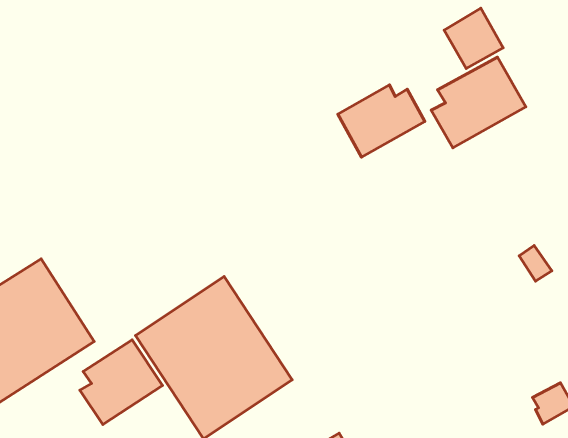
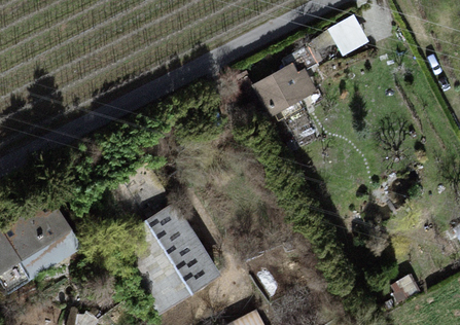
building: [431,57,526,148] -> none
building: [80,340,162,425] -> none

